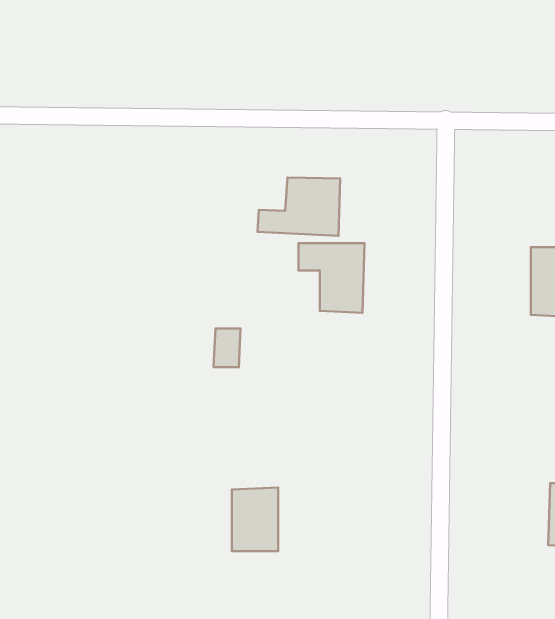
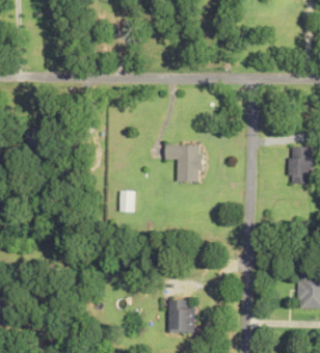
building: [257,178,340,236] -> none
building: [232,487,278,551] -> [169,298,194,332]

